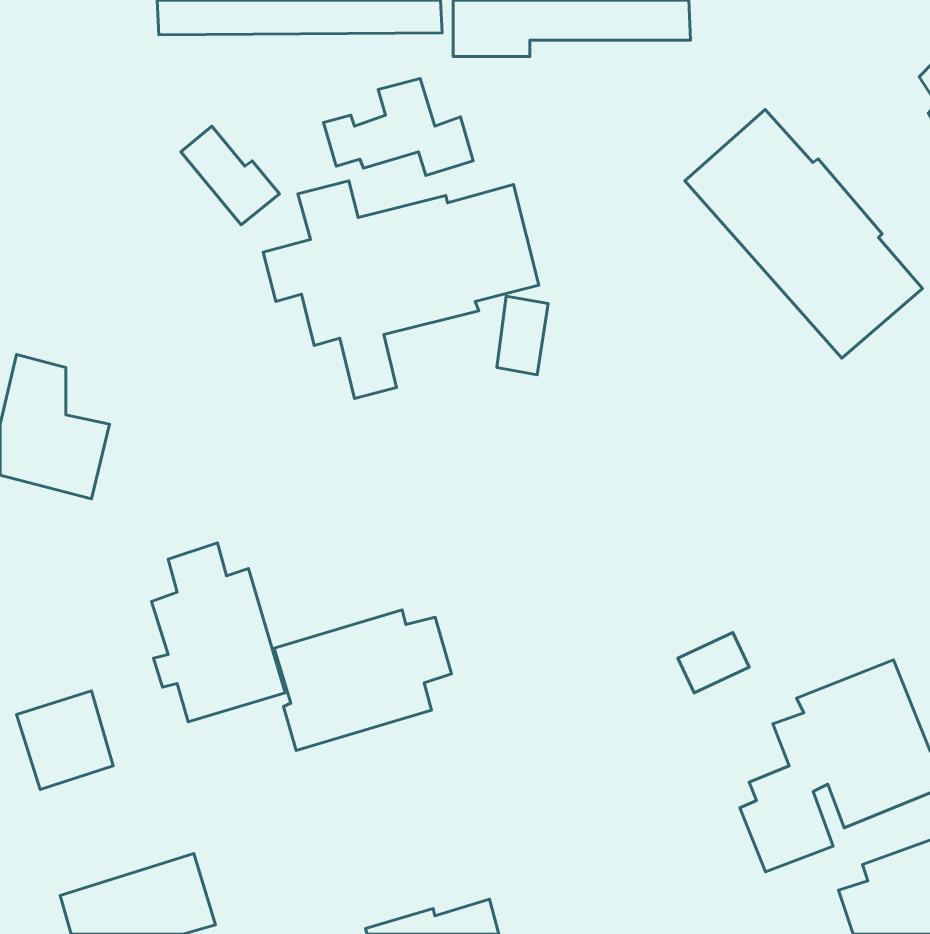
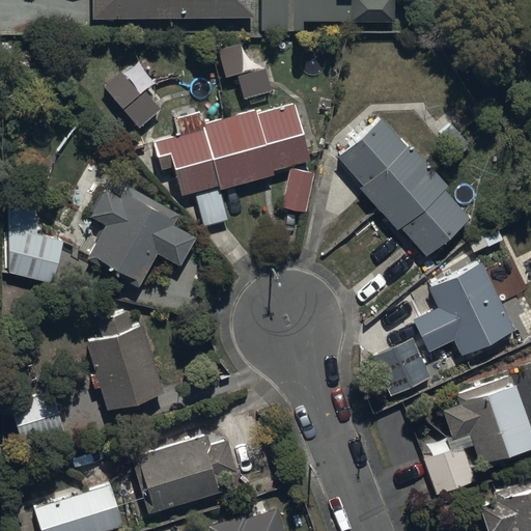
building: [685,110,922,358] -> [335,117,470,258]
building: none -> [90,186,196,285]
building: none -> [413,261,513,356]
building: [274,610,451,751] -> [135,435,235,514]

